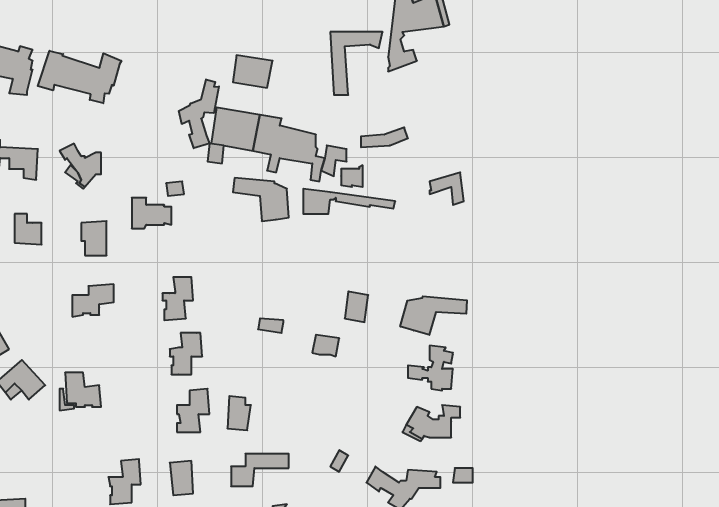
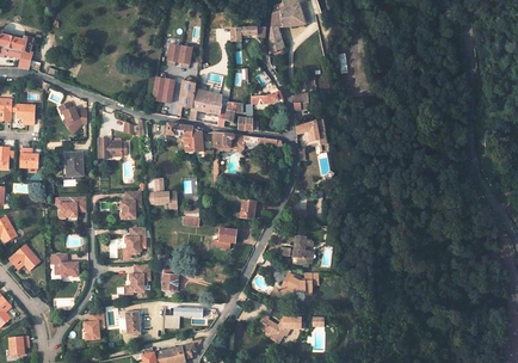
building: [38,51,121,103] -> none
building: [179,79,219,148] -> none
building: none -> [148,176,178,209]
building: [400,296,467,335] -> none

